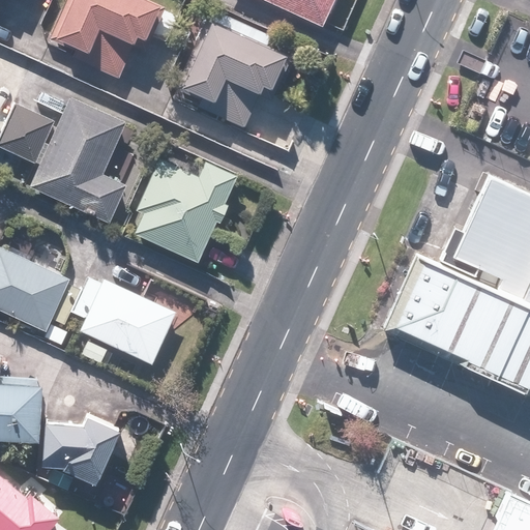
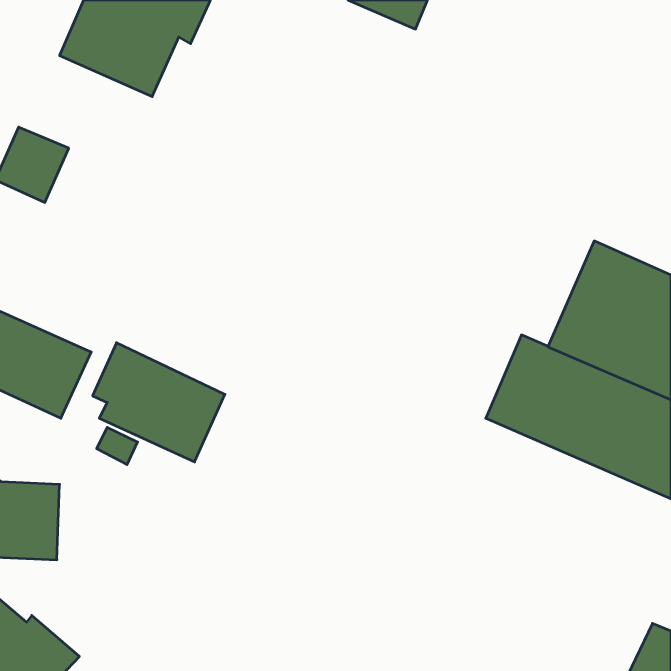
building: [174,16,292,127] -> none
building: [32,98,127,220] -> none
building: [136,158,237,261] -> none
building: [42,417,160,484] -> none

